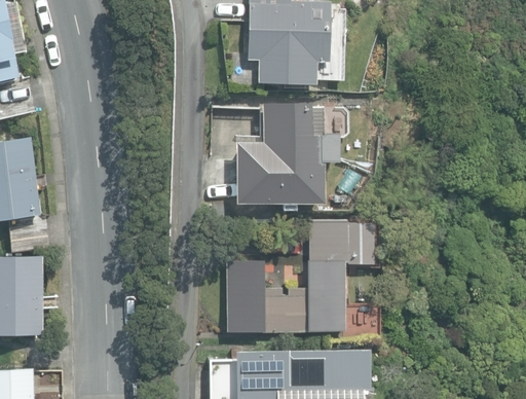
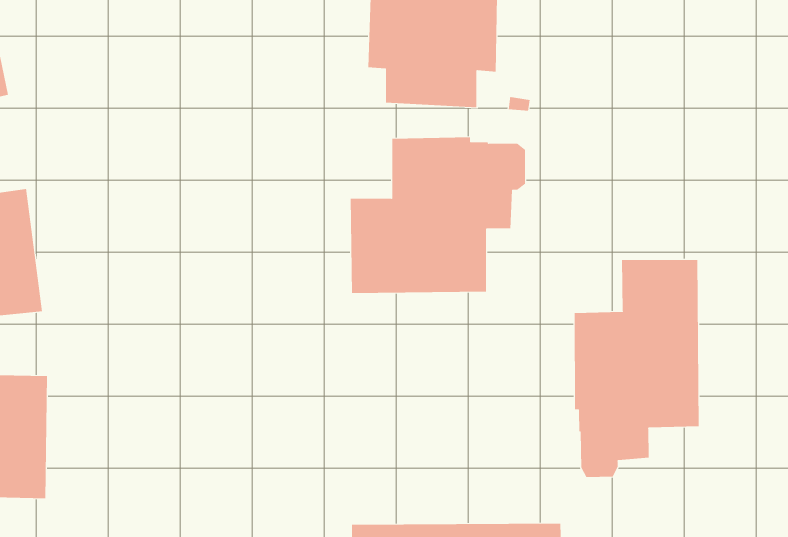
building: none -> [574,259,699,478]
building: [226,221,373,332] -> none

